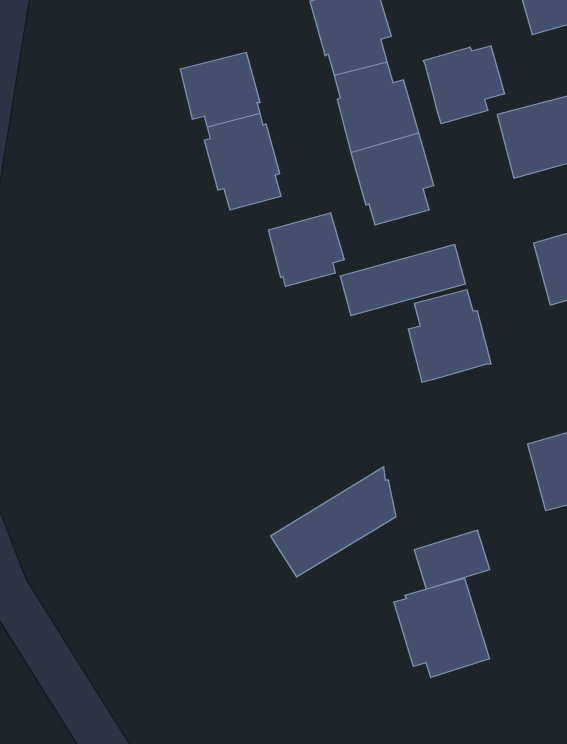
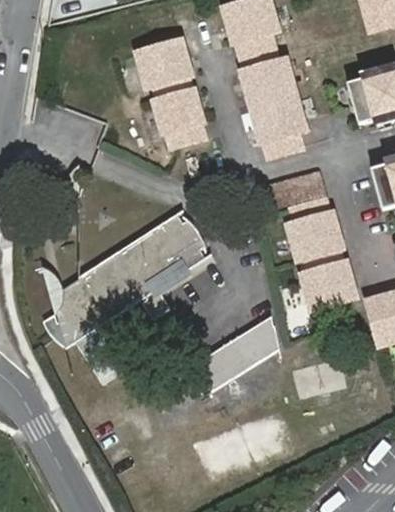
building: [423,46,505,124] -> none
building: [269,213,344,287] -> none
building: none -> [51,212,207,348]
building: none -> [302,247,357,309]
building: [394,578,489,678] -> none

